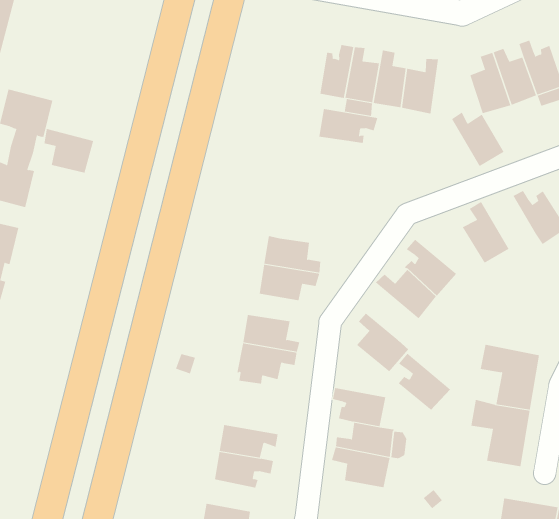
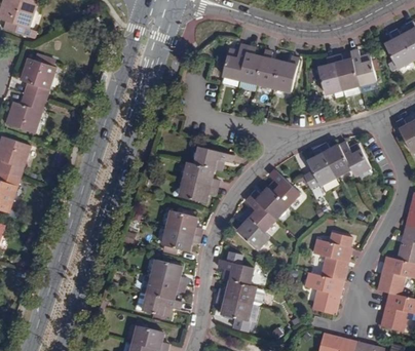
building: [319,108,378,143] -> [193,145,231,168]
building: [451,112,504,167] -> [320,144,352,179]
building: [44,128,94,173] -> none
building: [398,353,451,410] -> [243,194,276,231]
building: none -> [150,258,186,284]

